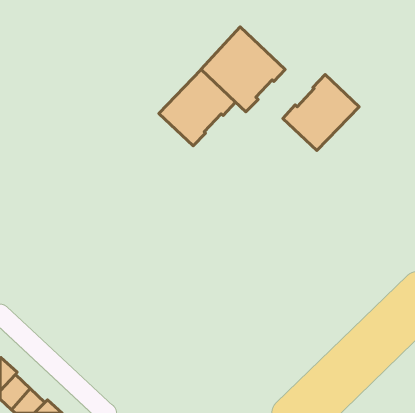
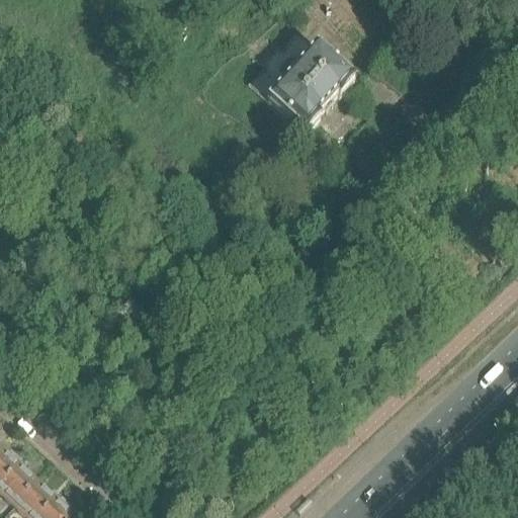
building: [159,70,236,146] -> none
building: [283,75,359,151] -> none

